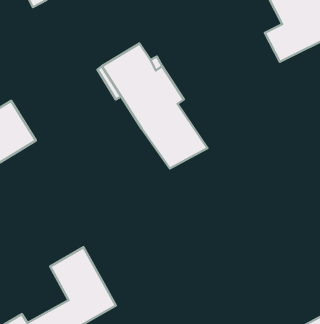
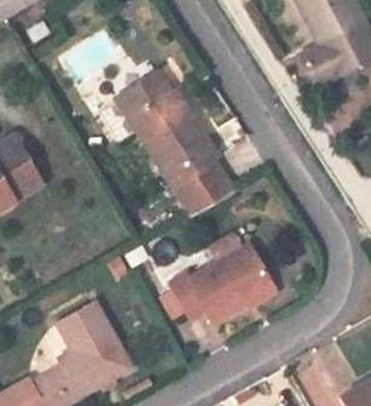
building: none -> [169,241,274,321]

